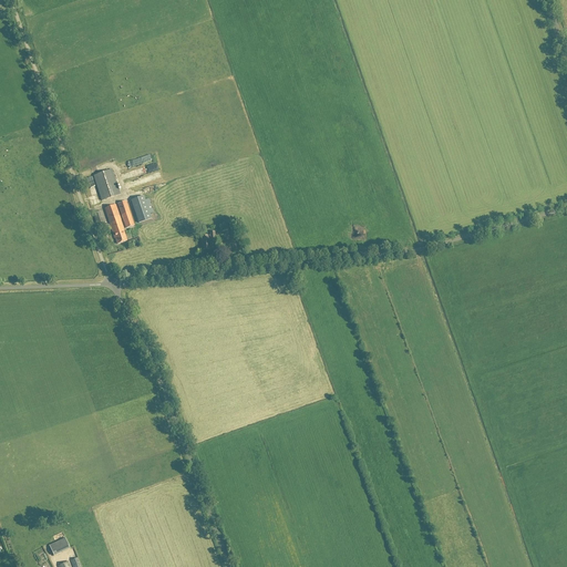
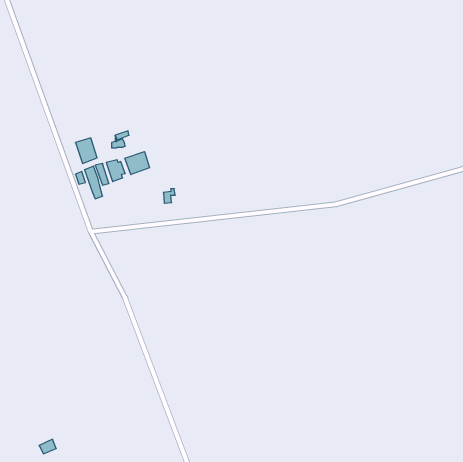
building: none -> [125,152,149,175]

